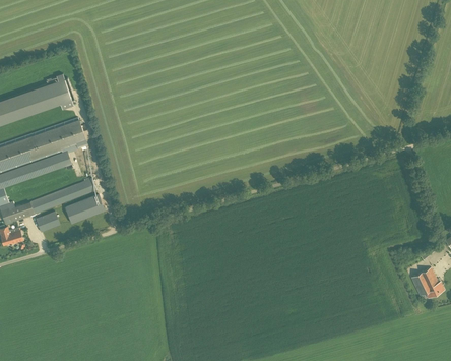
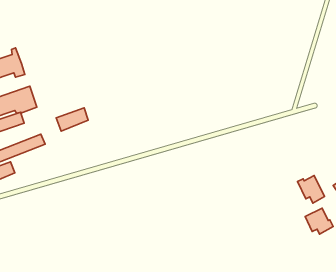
building: [65,194,104,223] -> [56,108,88,131]
building: none -> [298,176,324,203]

